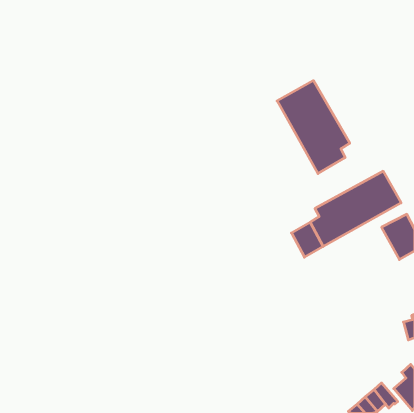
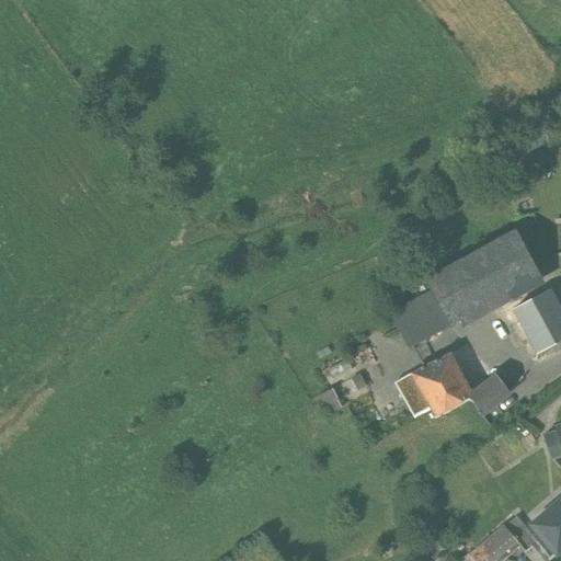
building: [277,81,350,174] -> none
building: none -> [396,354,511,417]

